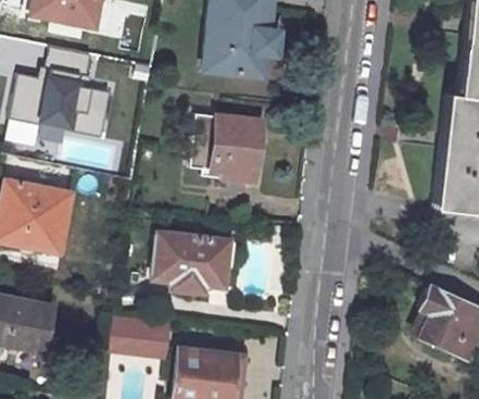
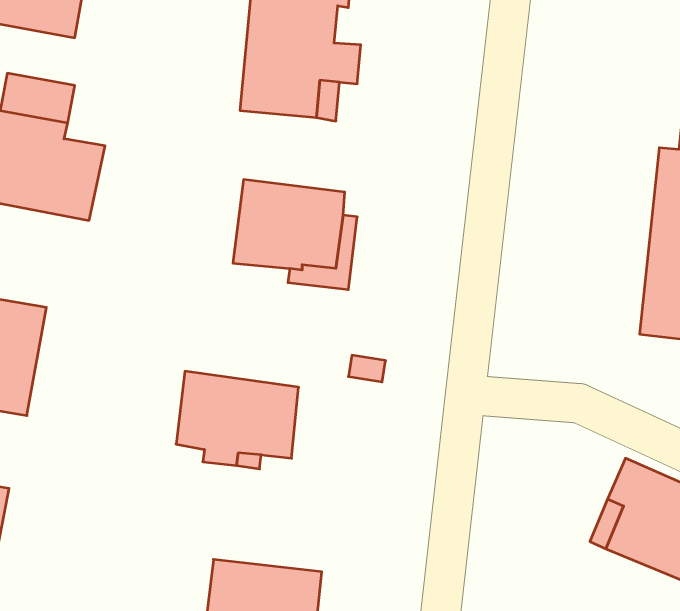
building: [118,319,176,362] -> none

